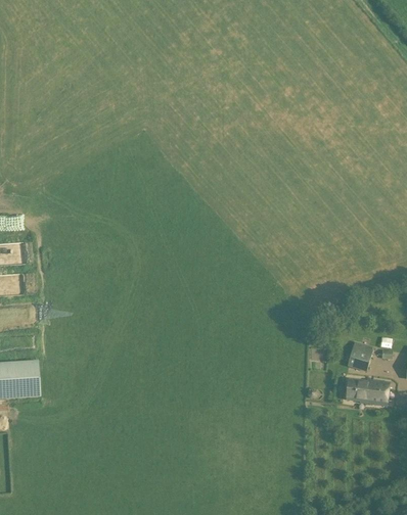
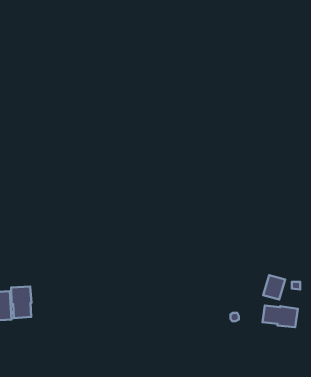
building: none -> [11,286,31,318]

